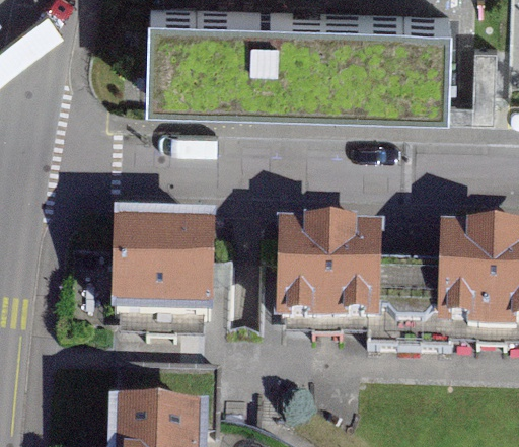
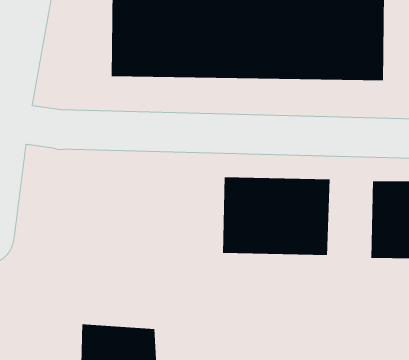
building: [113,220,251,301] -> none

